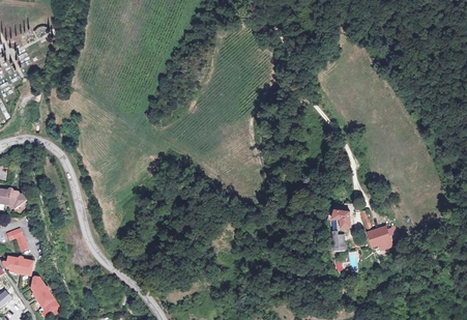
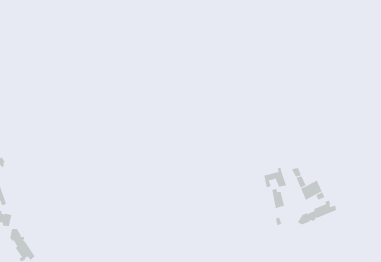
building: none -> [298,200,337,225]

